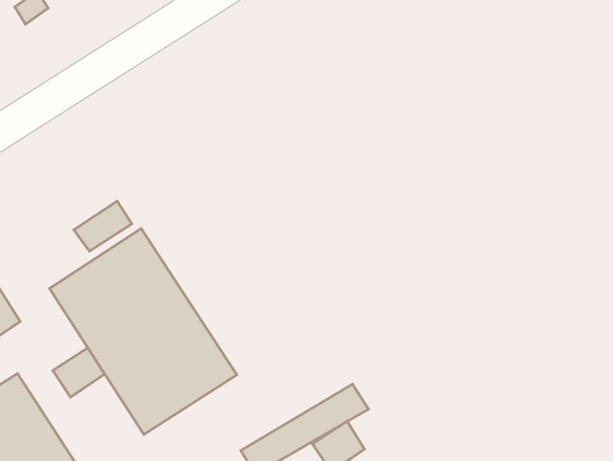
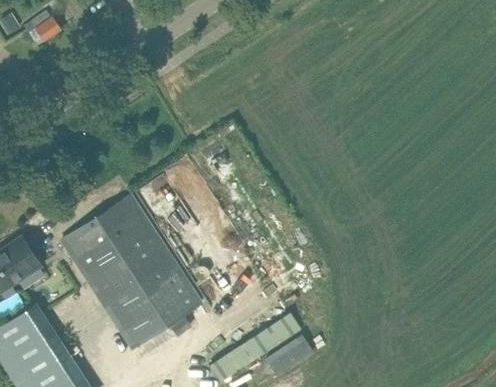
building: [74,201,132,251] -> none
building: [53,348,104,397] -> none

